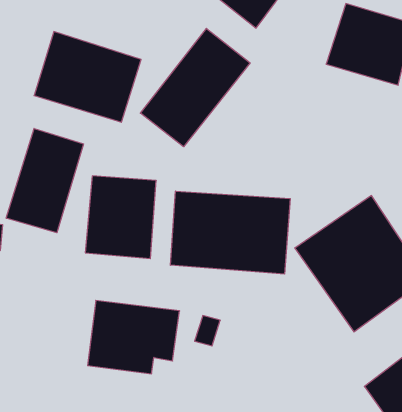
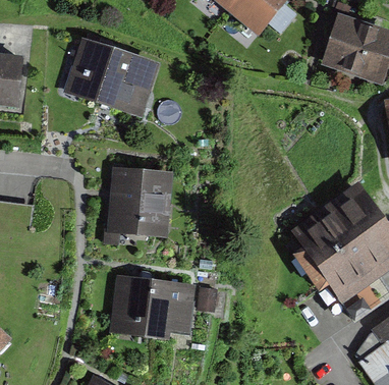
building: [140,28,250,147] -> none
building: [6,128,83,233] -> none
building: [170,191,290,274] -> none

